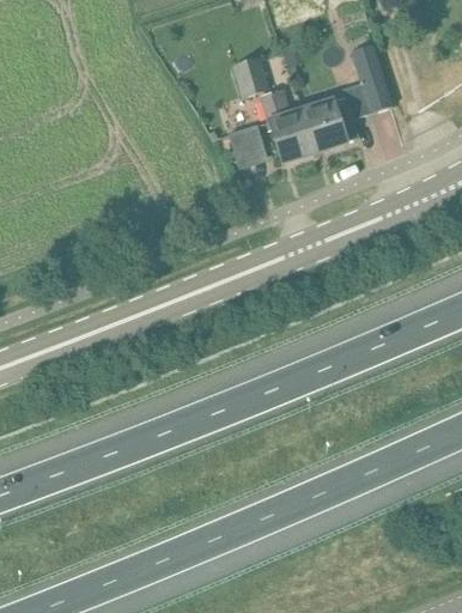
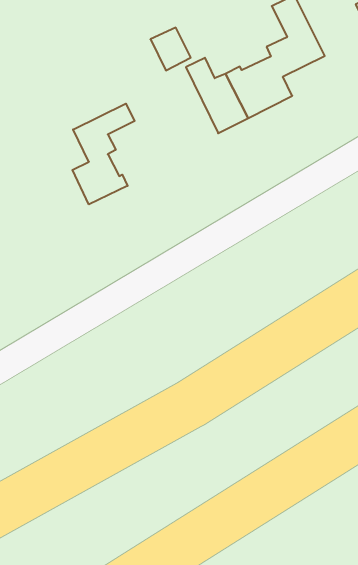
building: none -> [72,104,135,204]
building: [225,122,266,166] -> none

